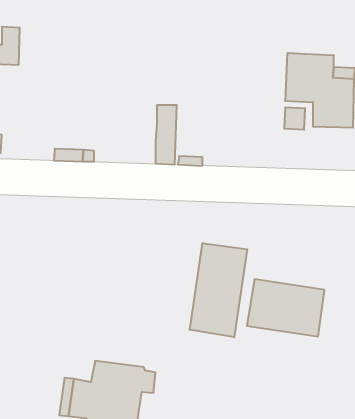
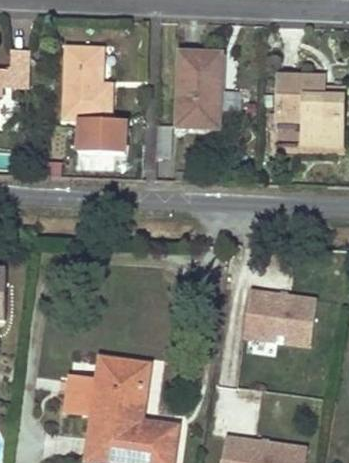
building: none -> [64,47,125,153]
building: none -> [178,53,221,127]
building: [190,243,247,337] -> none

